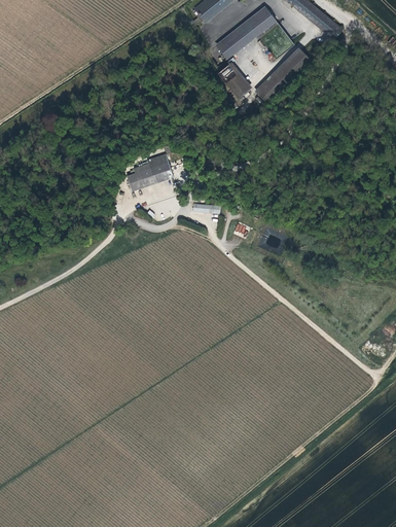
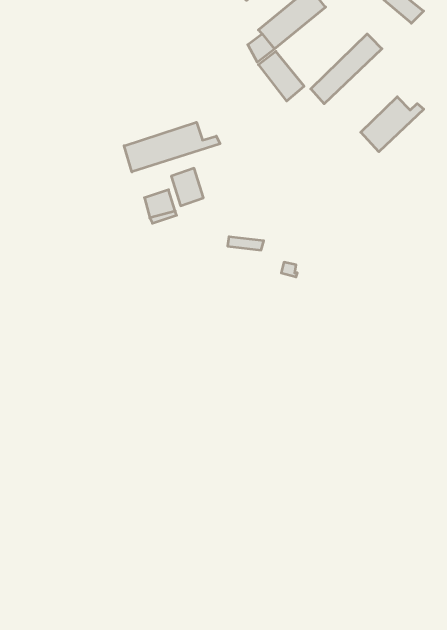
building: none -> [361,97,424,152]
building: none -> [124,122,220,172]

